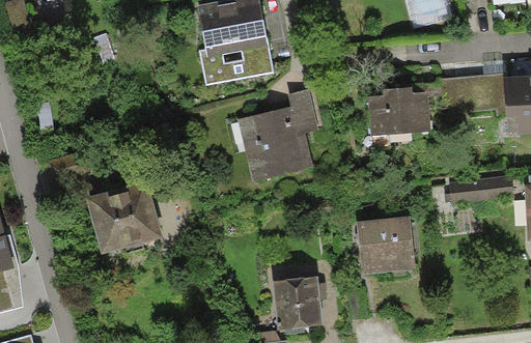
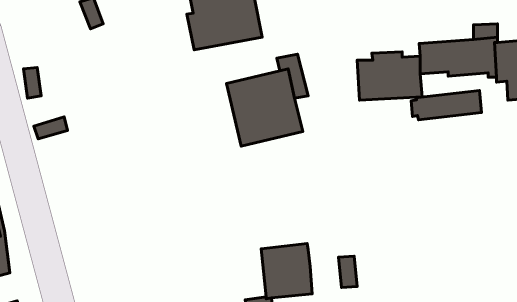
building: [445,176,514,205] -> [411,90,481,120]
building: [86,180,164,254] -> none
building: [357,216,416,275] -> none

